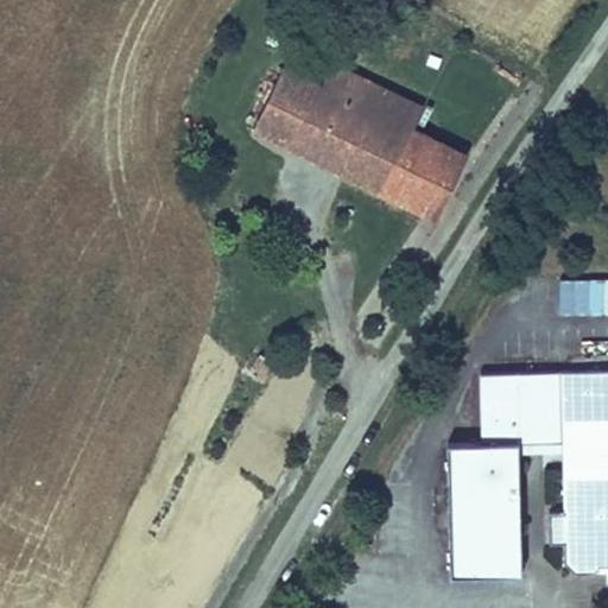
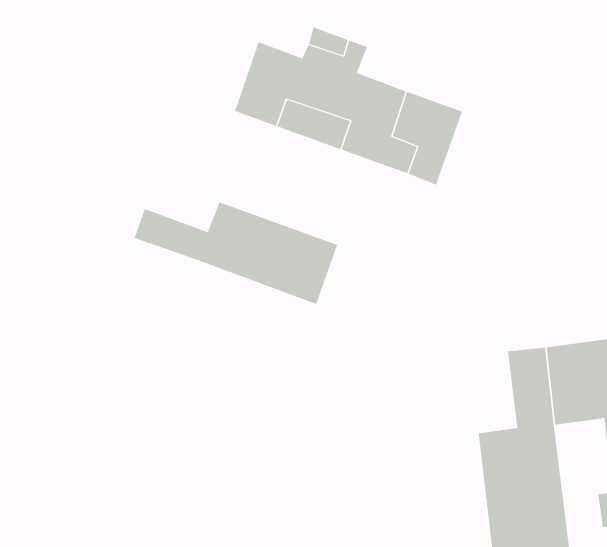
building: [374,87,429,131] -> none
building: none -> [134,202,338,305]

